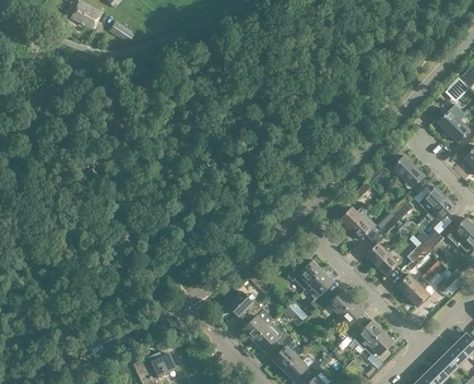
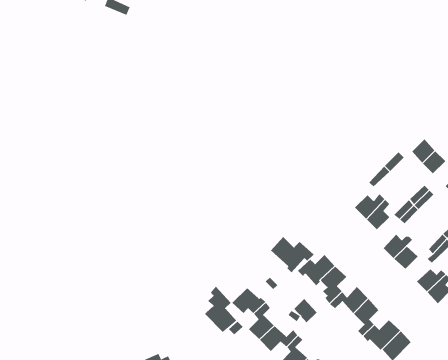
building: none -> [270,236,314,273]
building: none -> [204,286,237,333]

